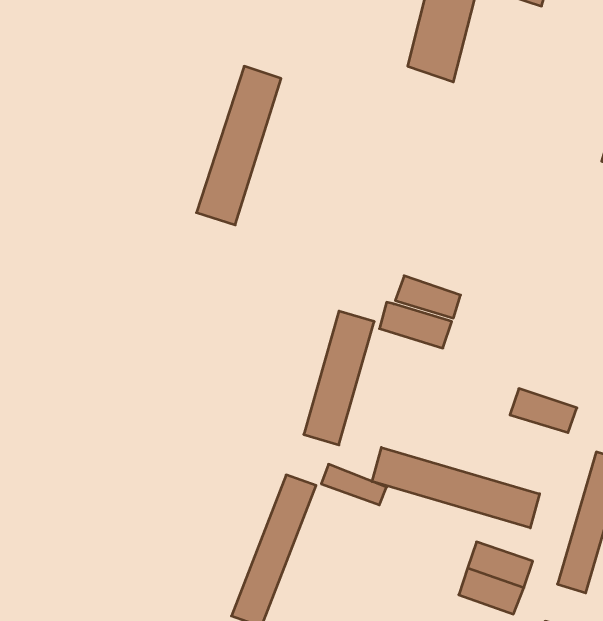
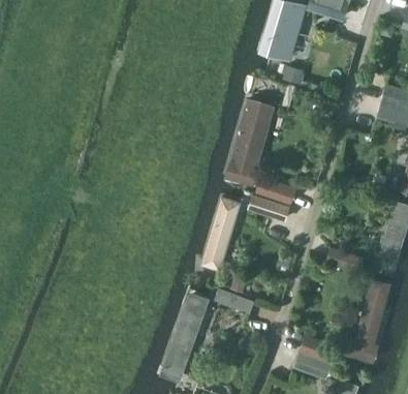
building: [196,66,281,225] -> [224,94,274,187]
building: [372,447,540,528] -> none

